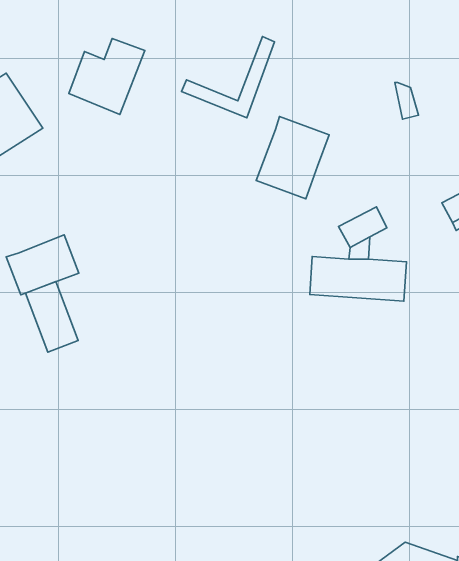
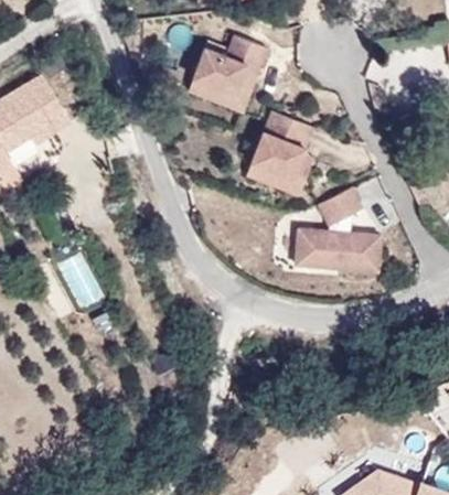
building: [69,39,145,115] -> [193,34,257,98]
building: none -> [247,153,313,195]
building: [6,235,79,295] -> none

